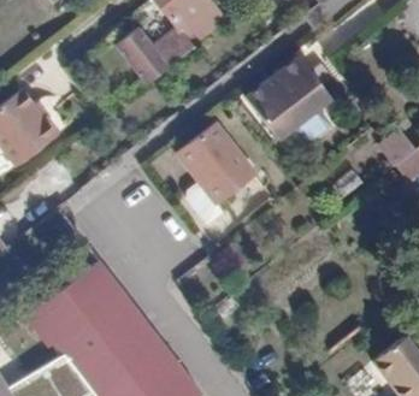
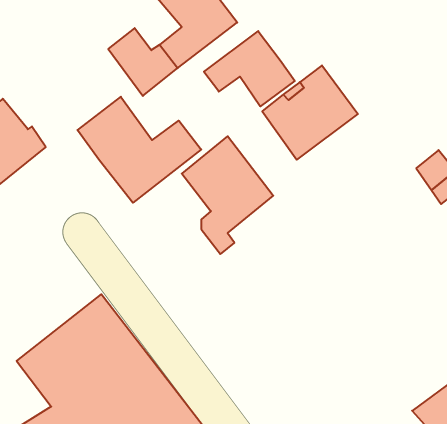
building: none -> [204,31,295,106]
building: none -> [77,97,201,203]

